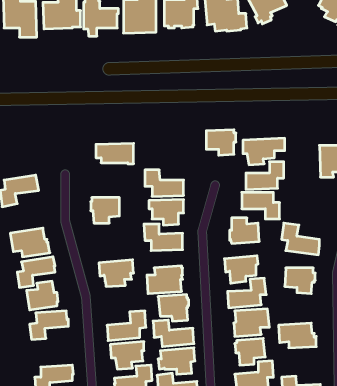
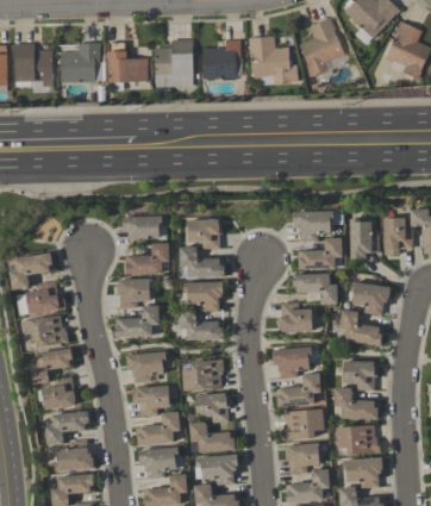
building: [206,130,236,155] -> [188,219,223,249]
building: none -> [350,218,380,258]
building: none -> [125,243,169,274]
building: none -> [17,280,67,314]
building: none -> [350,281,392,316]
building: none -> [114,305,160,337]
building: none -> [132,385,170,417]
building: none -> [335,387,380,419]
building: none -> [55,439,95,471]
building: none -> [343,457,385,488]

